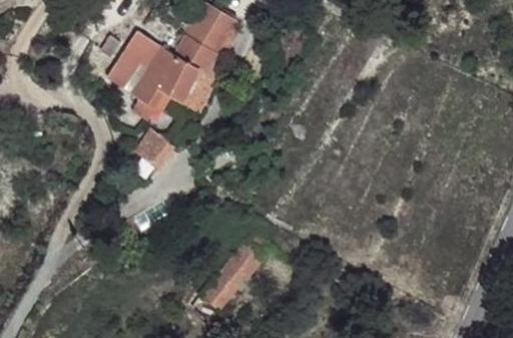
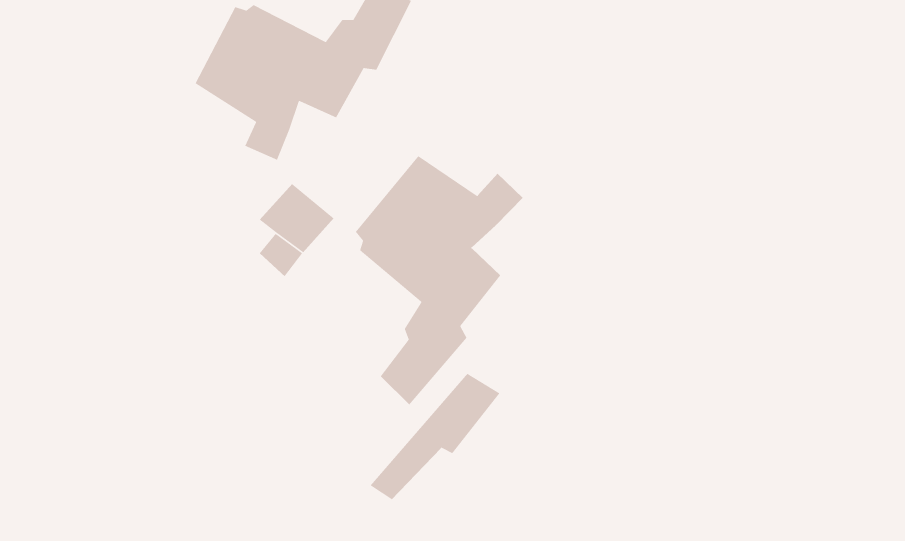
building: none -> [355,155,523,405]

